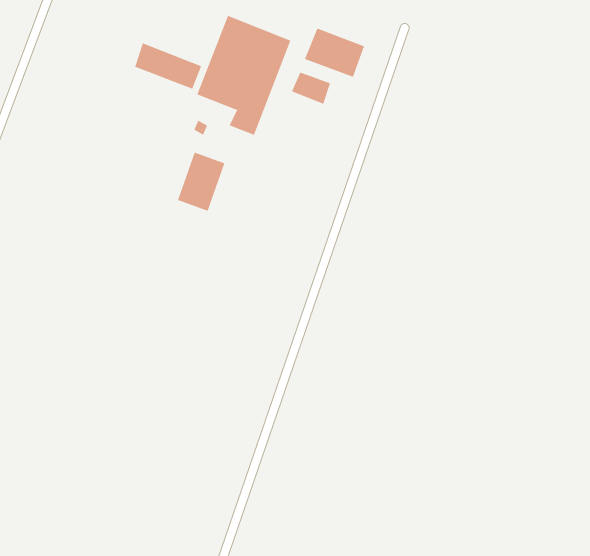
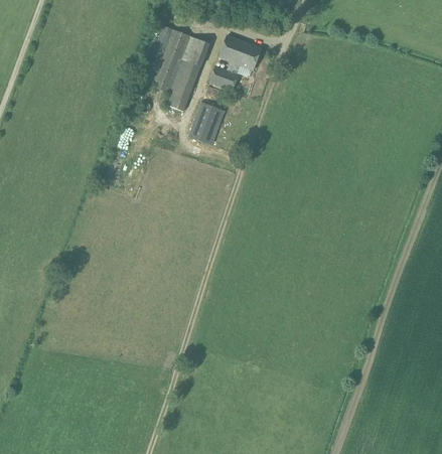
building: [134,42,202,89] -> none
building: [177,152,225,211] -> [189,102,224,144]

